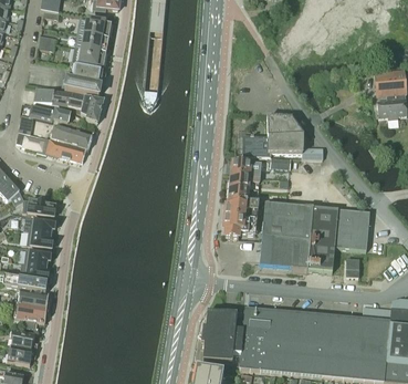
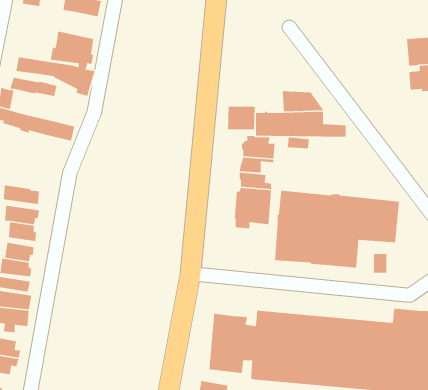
building: [71,46,105,71] -> none
building: [50,123,92,148] -> none
building: none -> [227,106,255,130]

